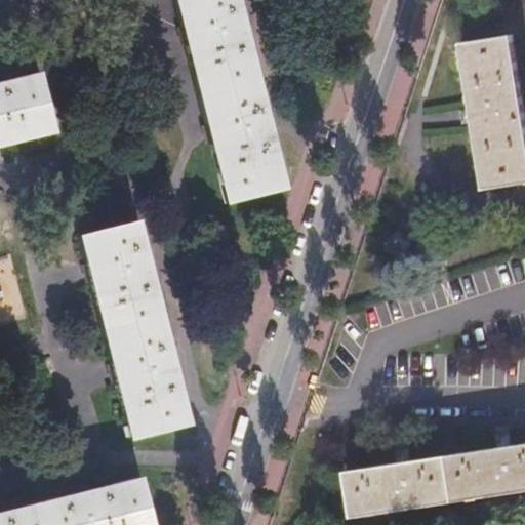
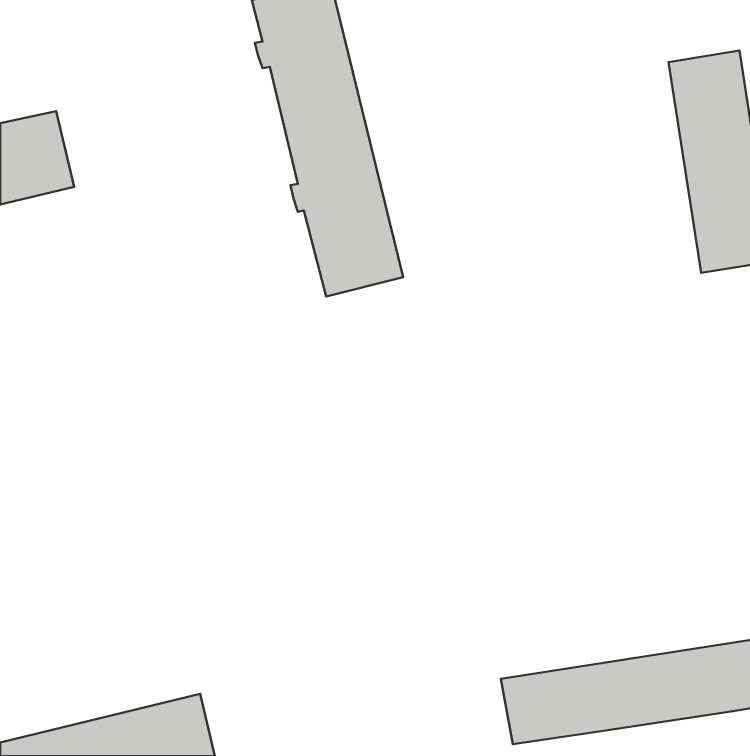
building: [84,221,191,437] -> none

